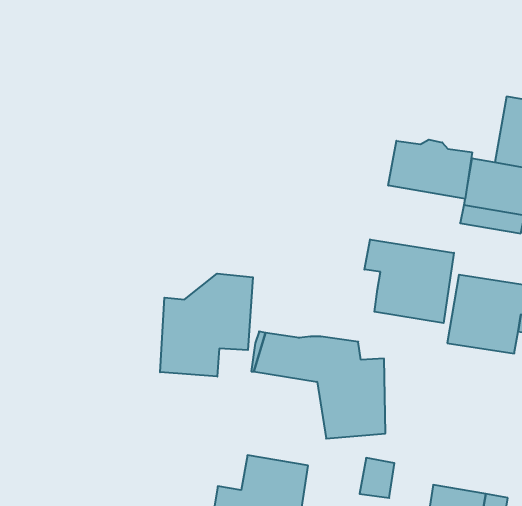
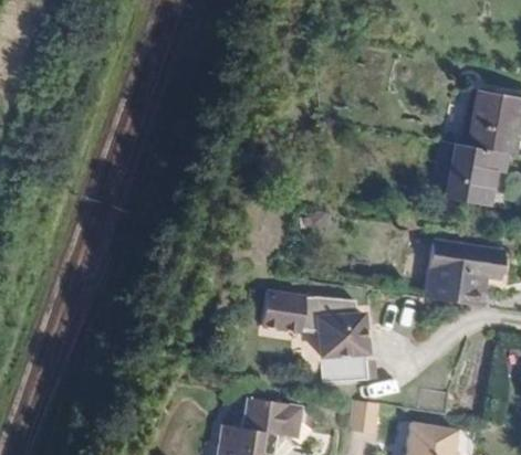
building: [388,140,472,199] -> none
building: [364,239,454,323] -> none
building: [160,274,253,377] -> none

